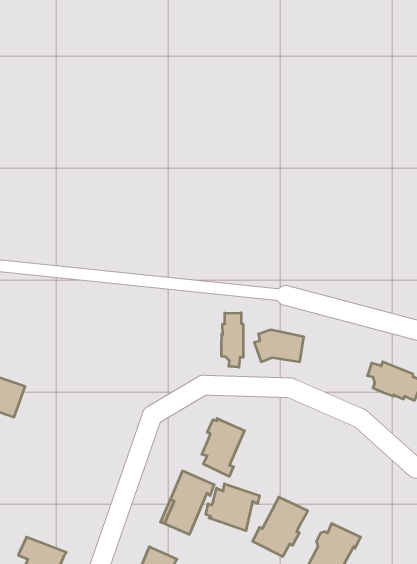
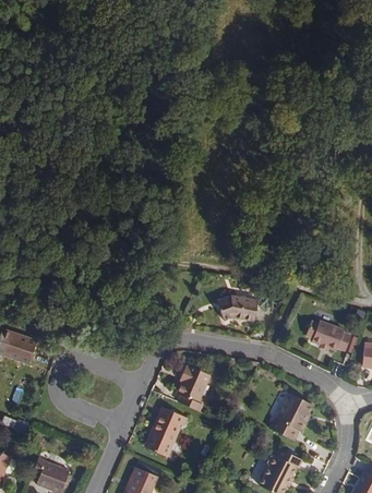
building: [221,313,243,367] -> none
building: [206,484,260,531] -> none
building: [253,497,308,556] -> [269,393,313,440]

